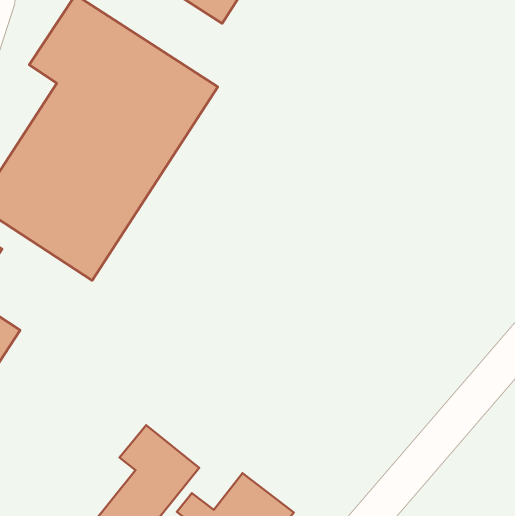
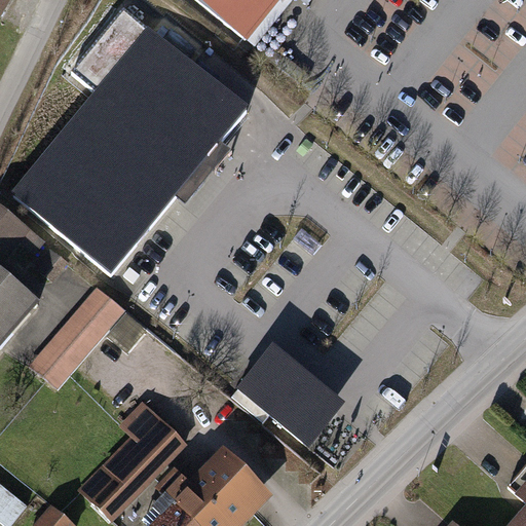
building: none -> [34,290,125,390]
building: none -> [231,343,345,453]

